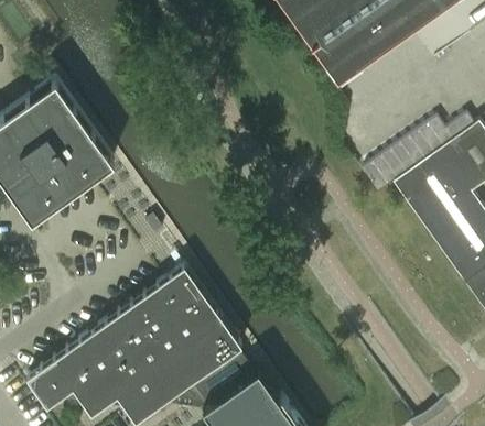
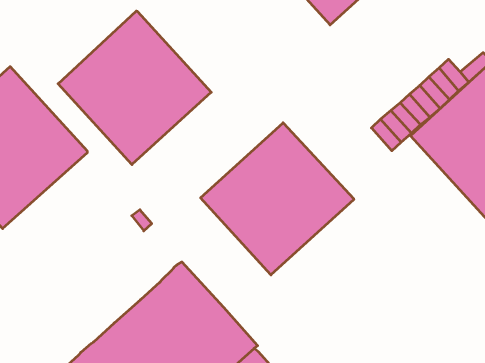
building: none -> [58,11,211,165]
building: none -> [201,123,354,275]

